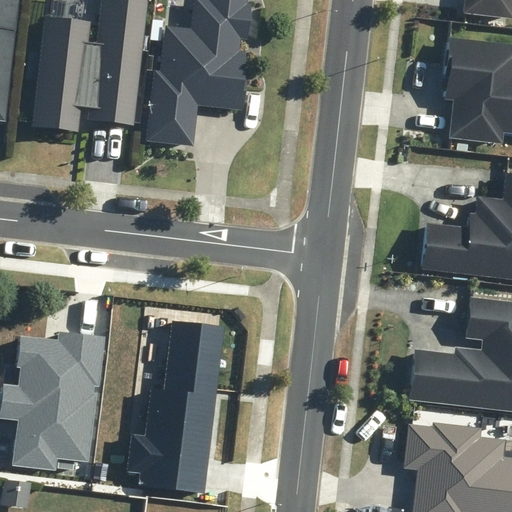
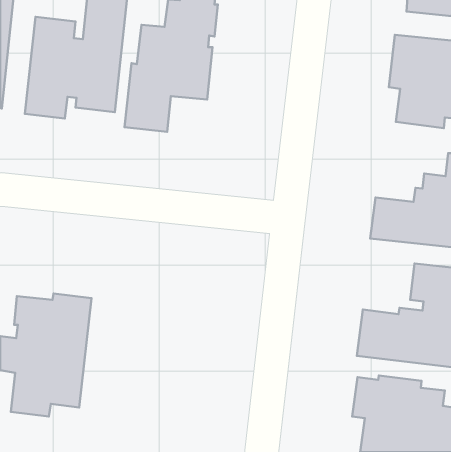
building: [130,318,228,490] -> none

